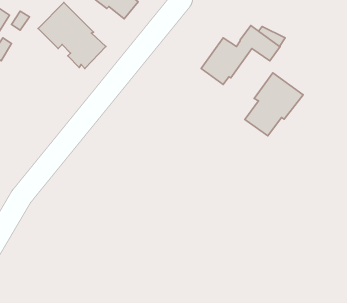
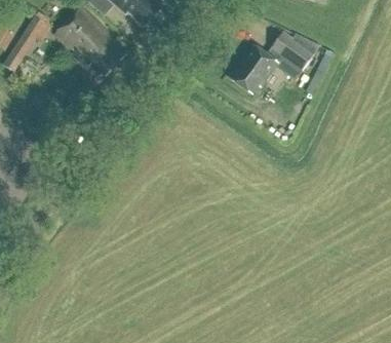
building: [245,73,303,136] -> none

